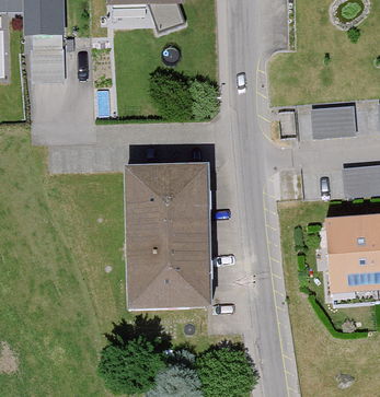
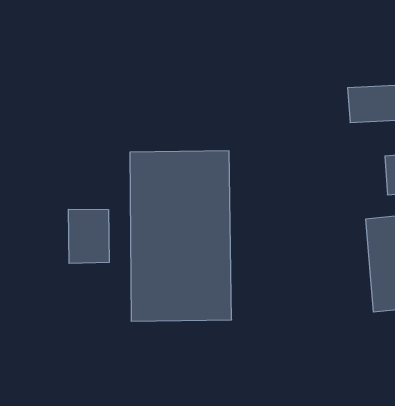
building: none -> [68,209,109,263]

